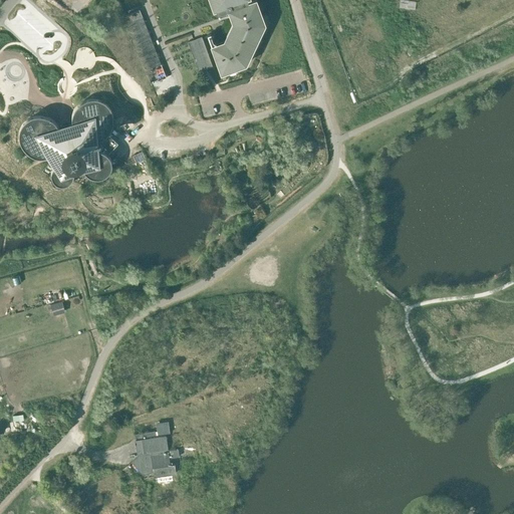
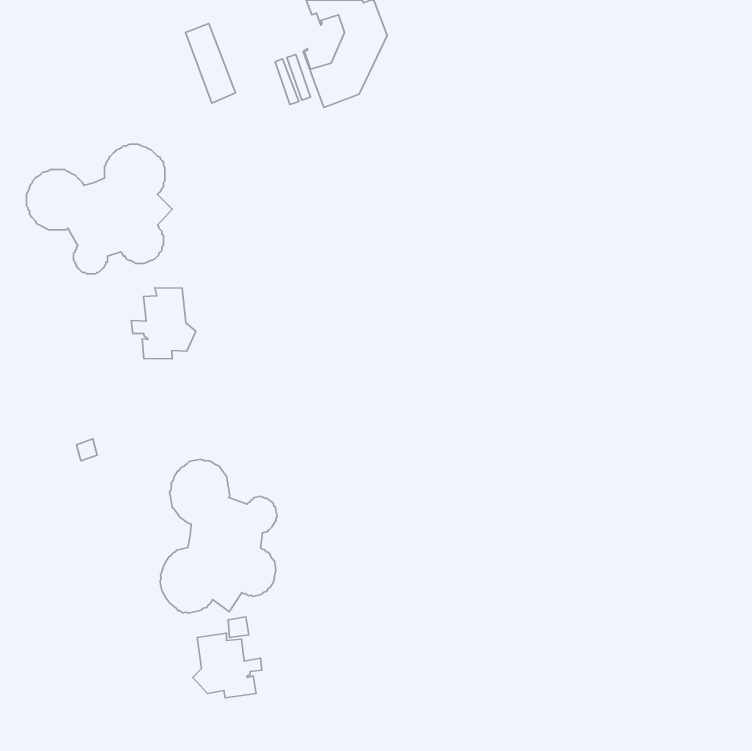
building: none -> [131,288,196,359]
building: none -> [160,459,277,613]

